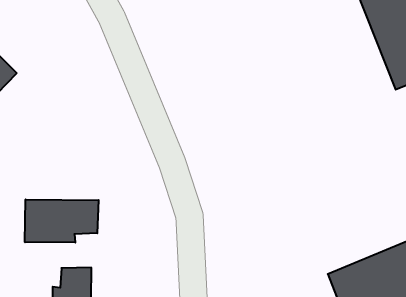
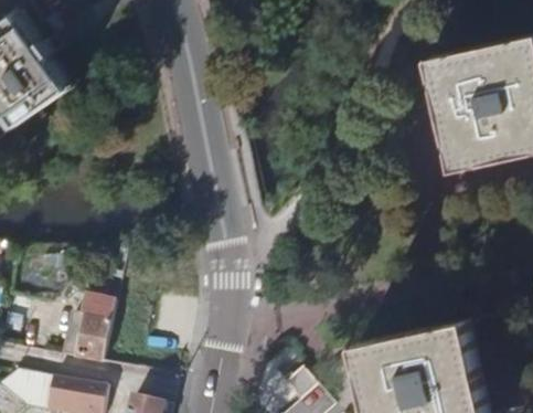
building: [25,199,99,243] -> none

